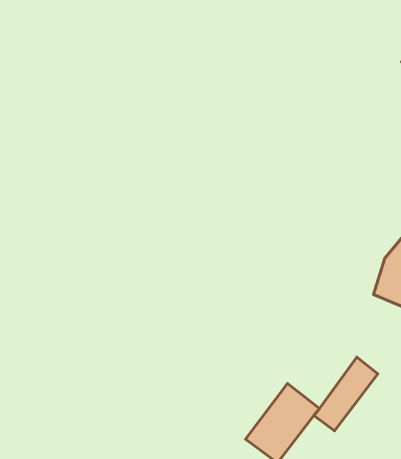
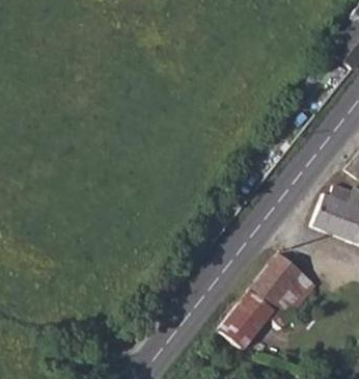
building: none -> [250,254,302,309]

